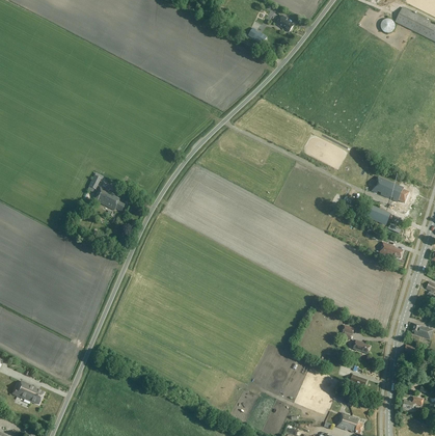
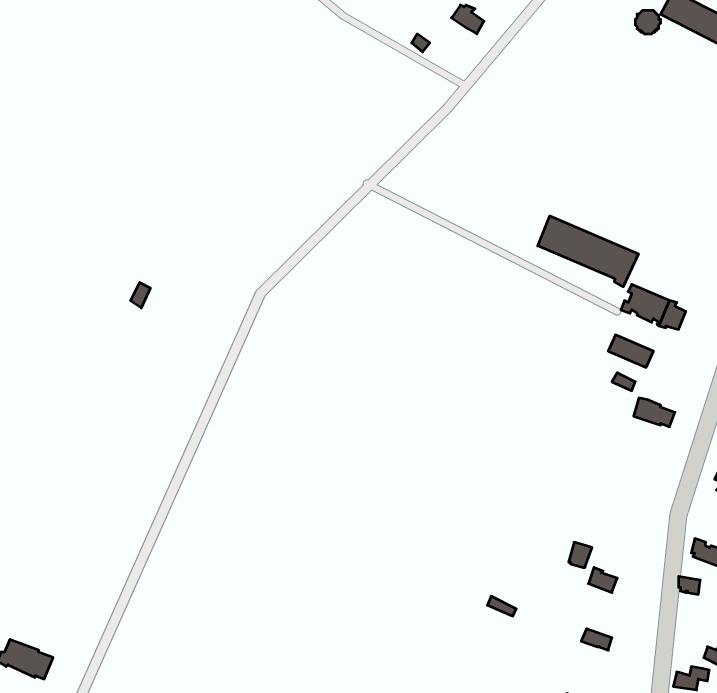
building: none -> [538,216,638,287]
building: [93,187,126,212] -> none

